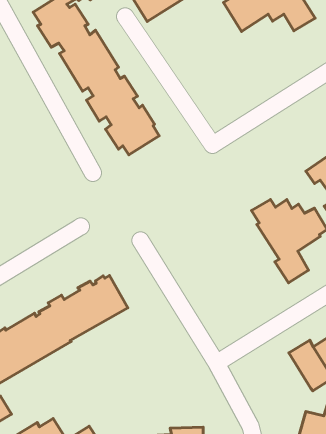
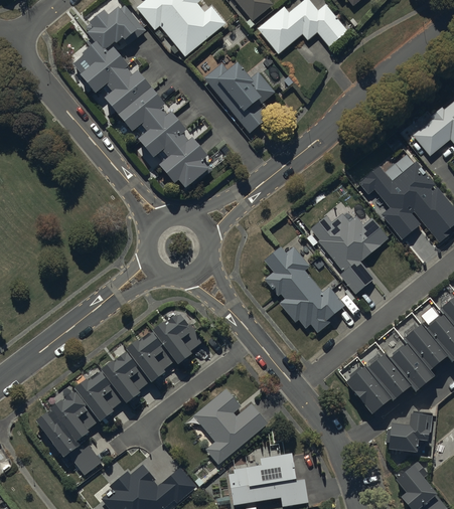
building: none -> [204,64,275,136]
building: none -> [264,246,346,334]
building: none -> [346,362,392,410]
building: none -> [192,383,267,460]

